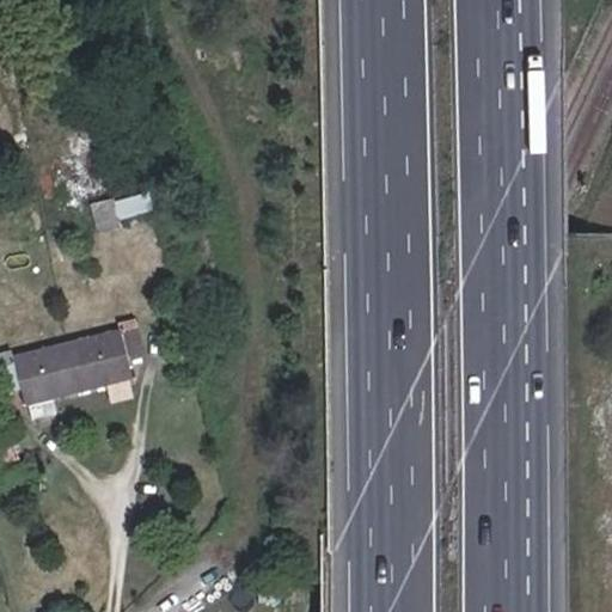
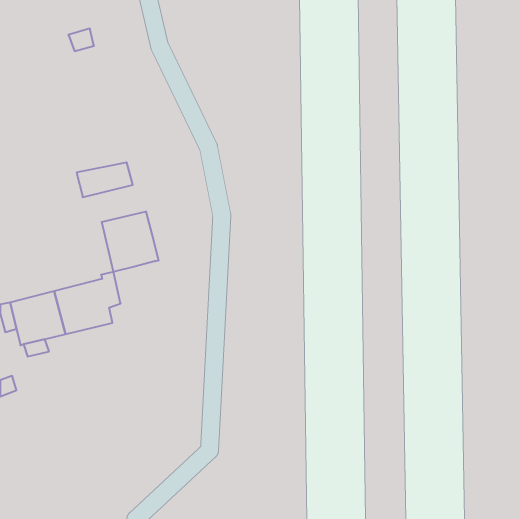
building: none -> [102,211,158,272]

